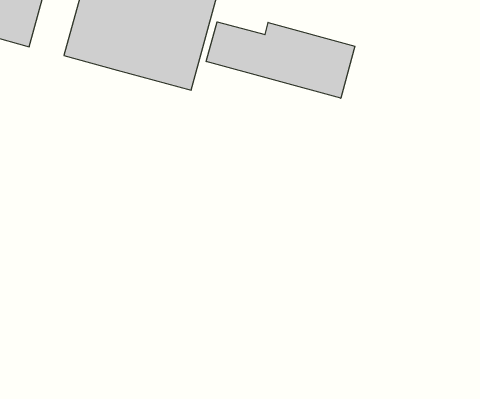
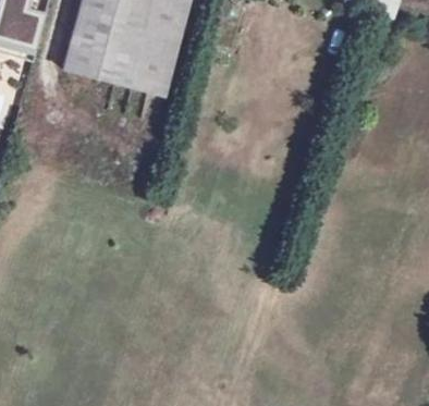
building: [206,22,355,98] -> none

